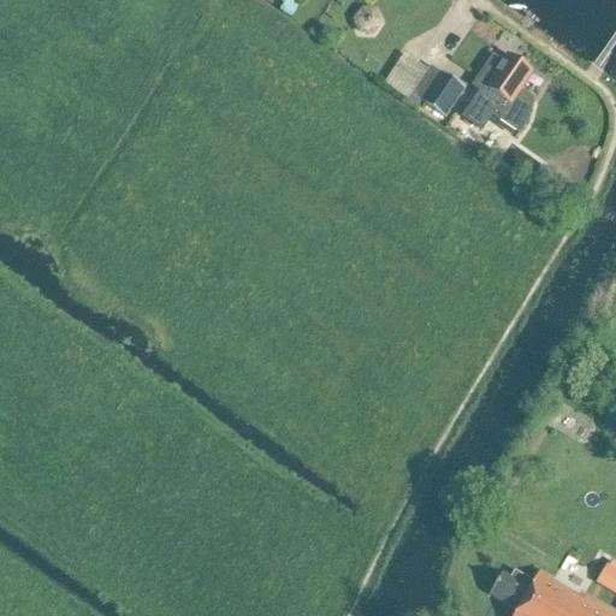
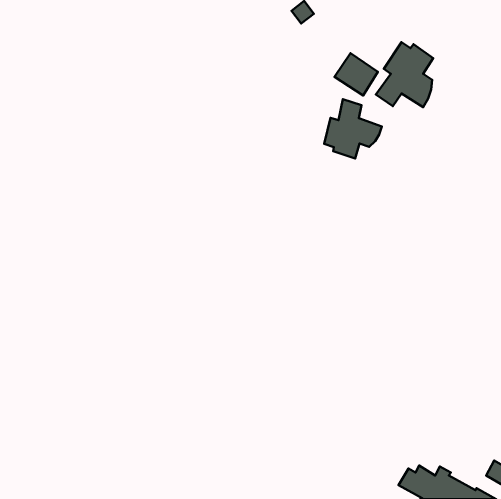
building: none -> [324,99,382,158]

